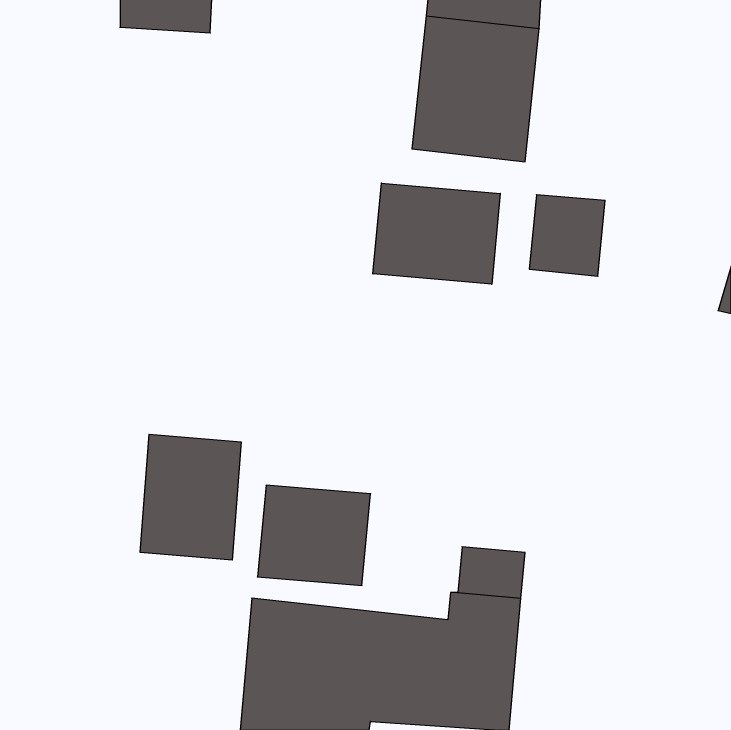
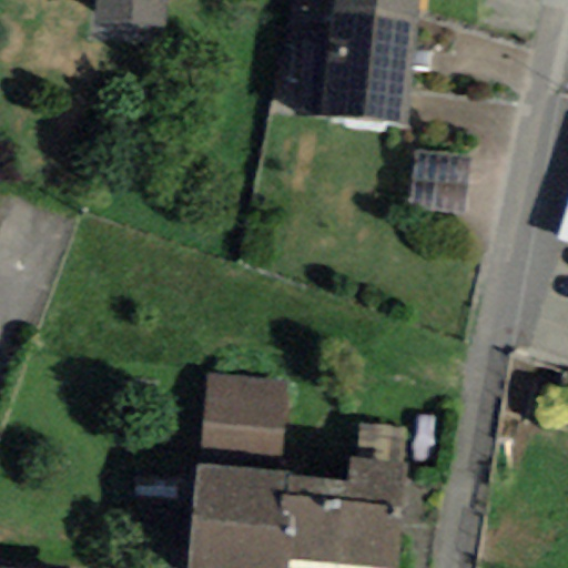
building: [373,183,500,284] -> none
building: [140,434,241,560] -> none

